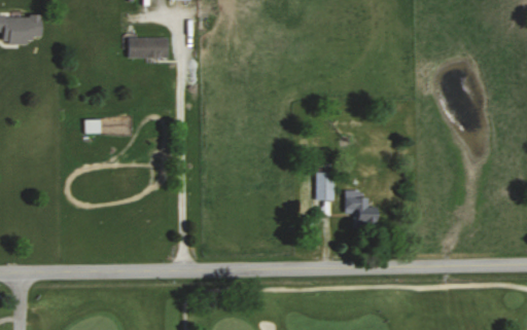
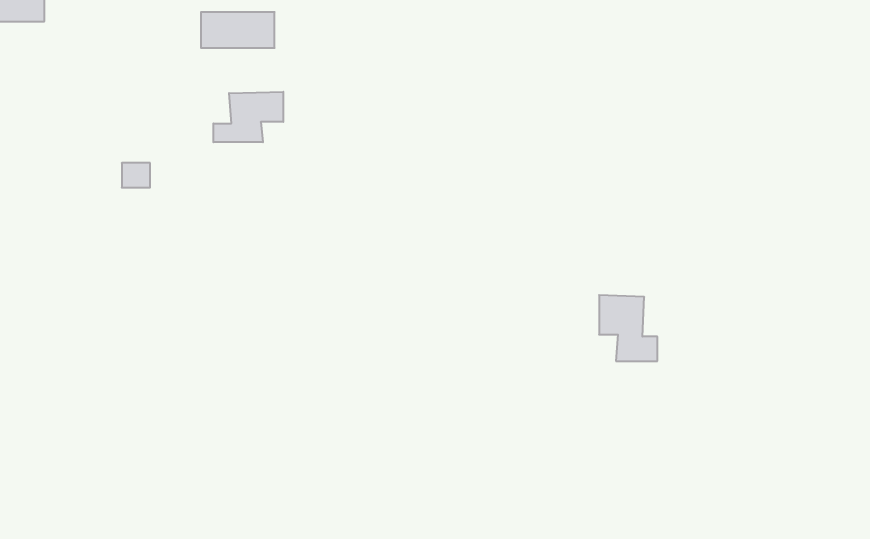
building: none -> [213,92,283,142]
building: [315,172,333,199] -> none

